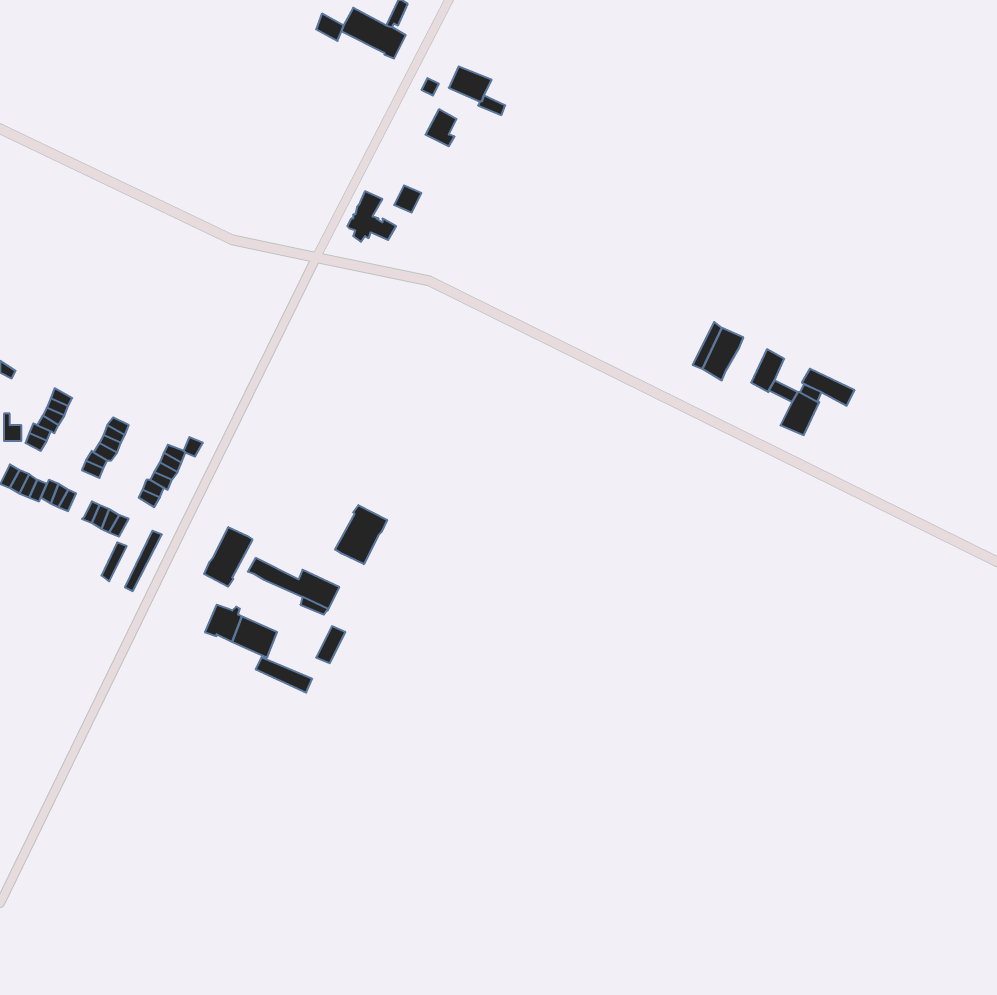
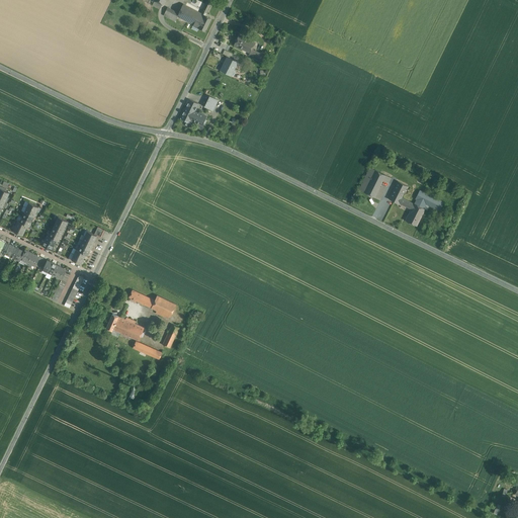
building: [335,505,387,564] -> none
building: [204,527,252,587] -> none

